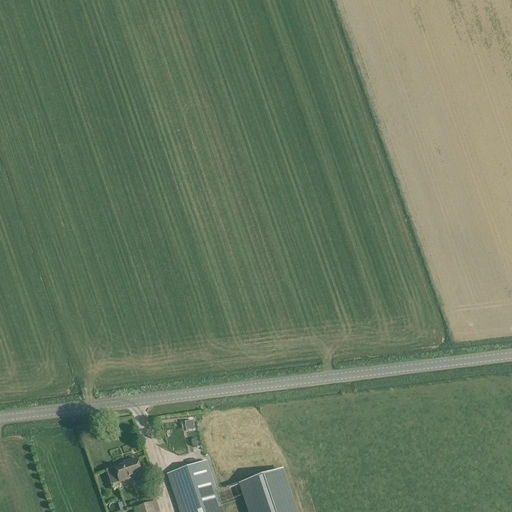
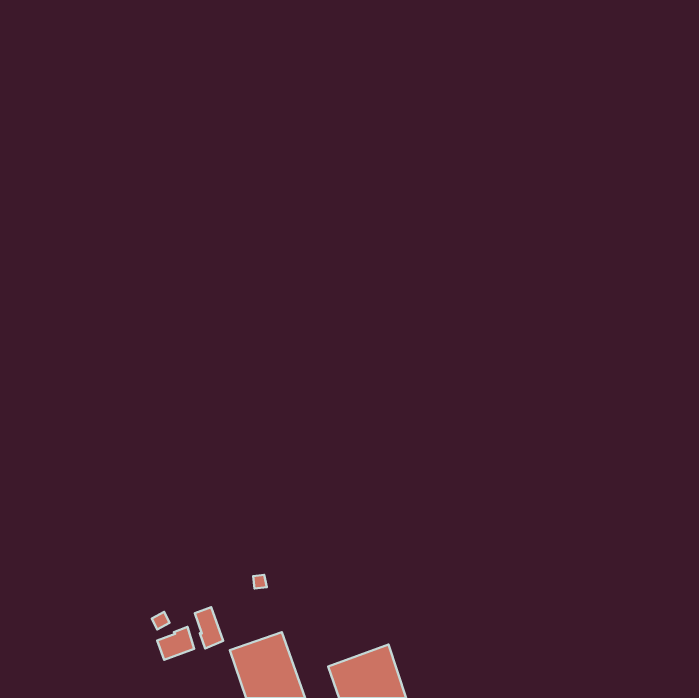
building: none -> [195,607,223,649]

